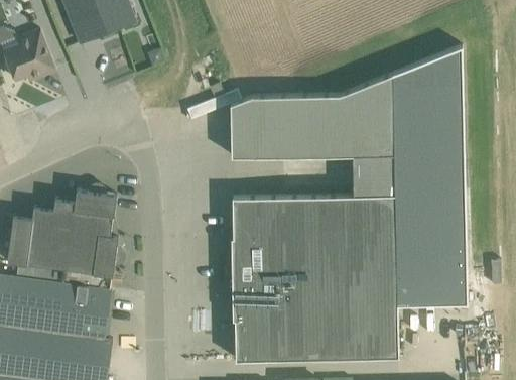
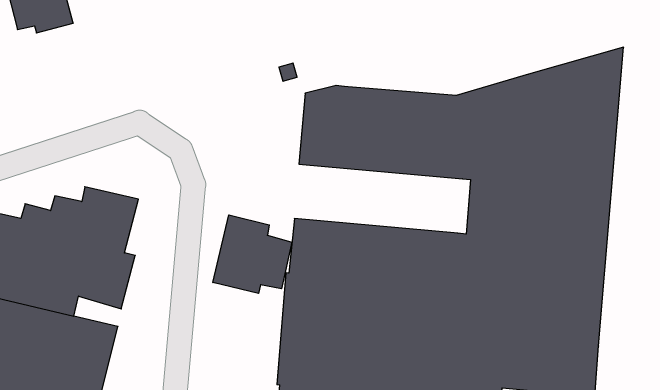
building: none -> [213,215,292,293]

